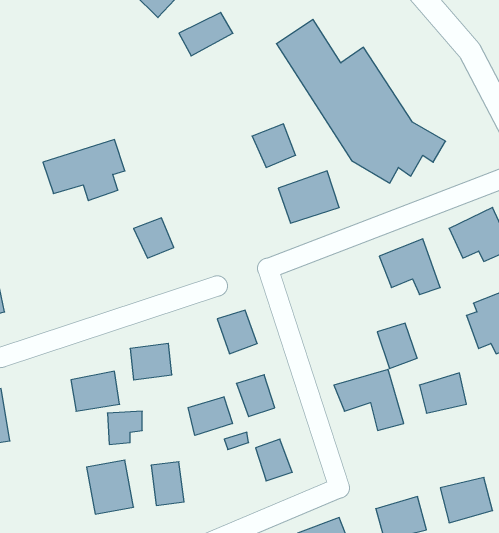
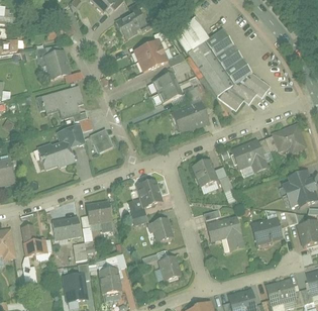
building: none -> [134,40,162,69]
building: none -> [46,48,69,78]
building: none -> [36,124,85,168]
building: [377,323,417,369] -> [192,160,215,186]
building: none -> [22,224,41,256]
building: [188,397,232,435] -> none

